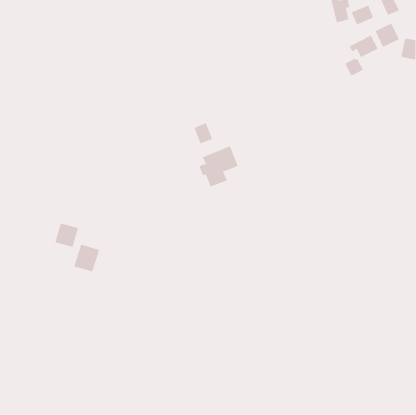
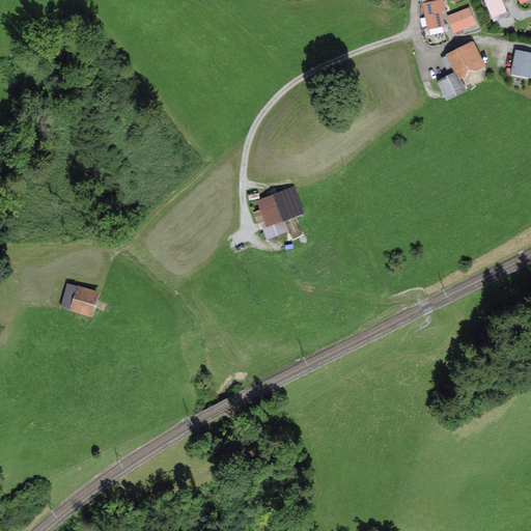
building: [375,22,399,48] -> none
building: [194,122,213,144] -> none
building: [73,244,100,272] -> none

